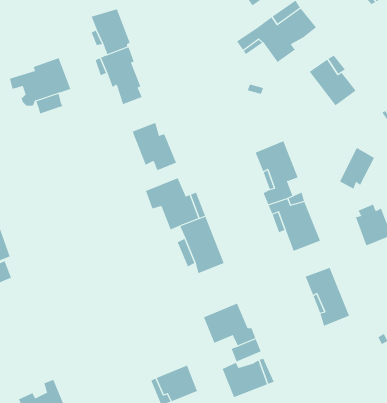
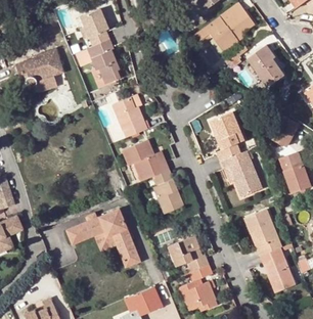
building: none -> [68,209,140,267]
building: none -> [260,248,295,295]

